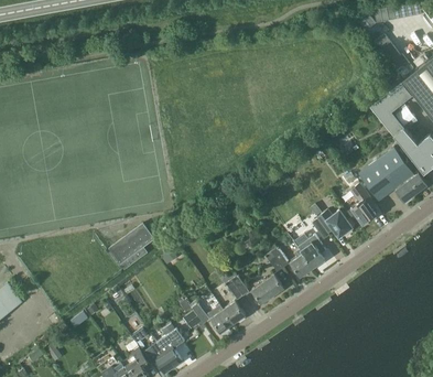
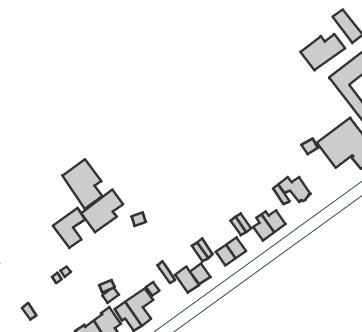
building: none -> [300,34,345,70]
building: [350,184,376,225] -> none
building: none -> [62,159,102,209]
building: none -> [53,208,85,248]

